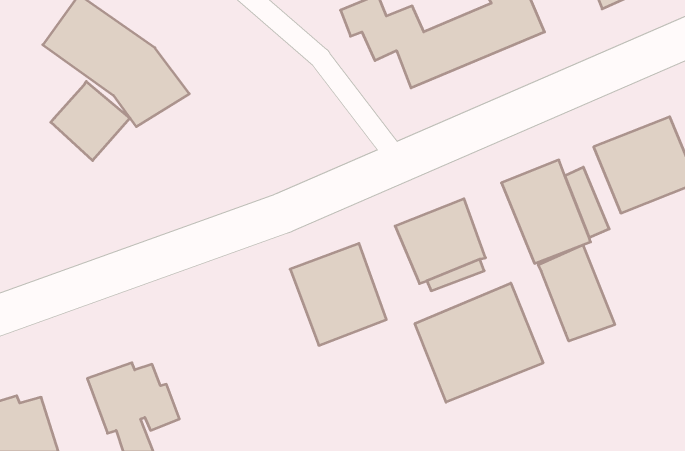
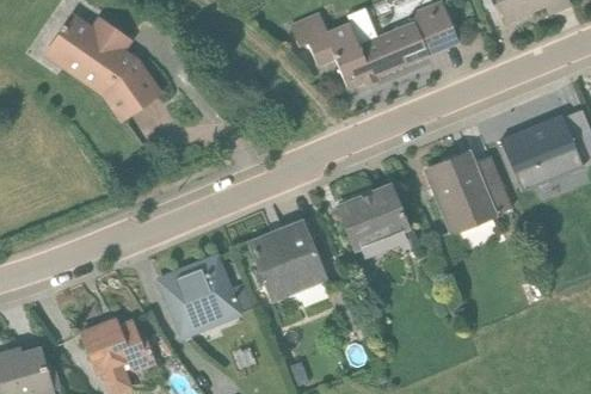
building: [51,81,130,161] -> none
building: [538,245,615,341] -> none
building: [415,283,543,402] -> none
building: none -> [158,253,242,340]

